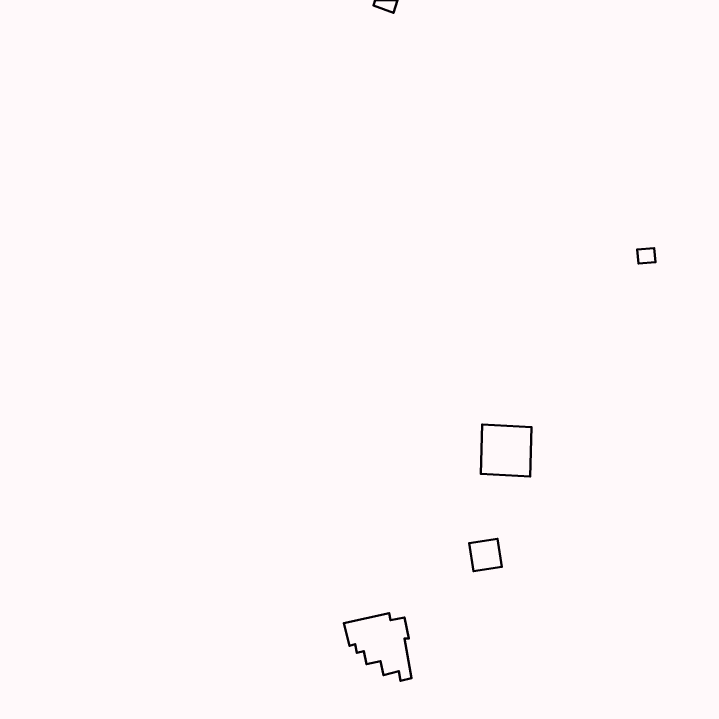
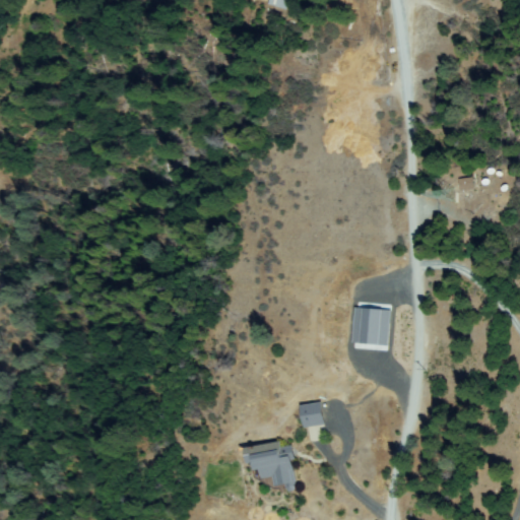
building: [469,539,502,571] -> [301,404,324,428]

